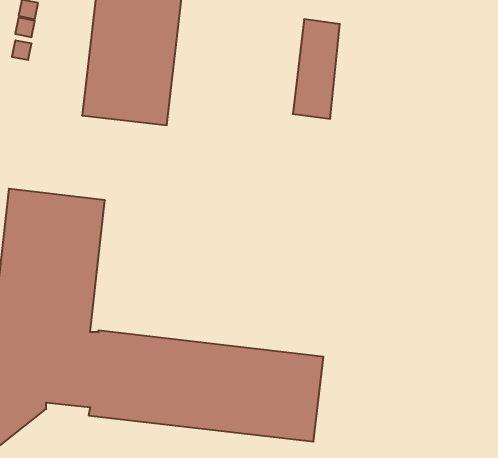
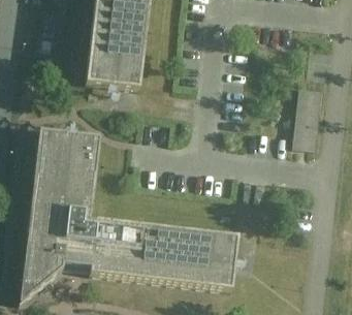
building: [293,19,340,119] -> [291,83,321,146]

